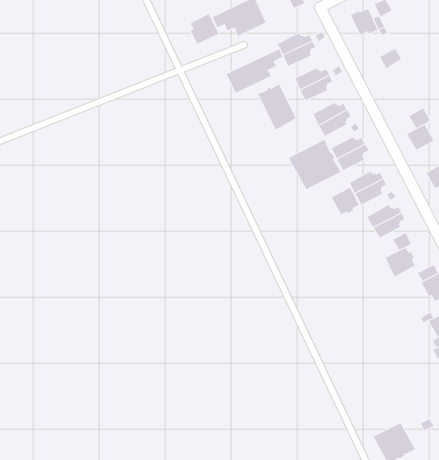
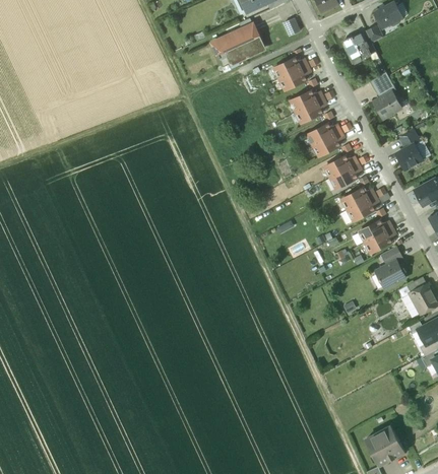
building: [187,13,219,44] -> none
building: [226,48,283,93] -> none
building: none -> [373,90,400,118]
building: [257,83,297,130] -> none
building: [288,139,341,190] -> none
building: [331,187,360,215] -> none

